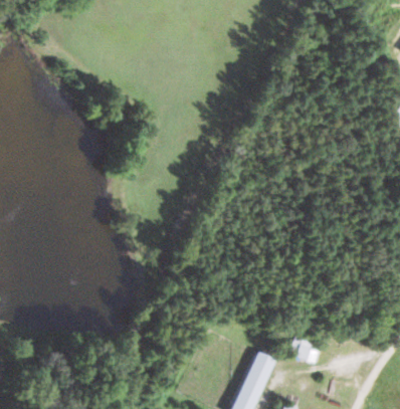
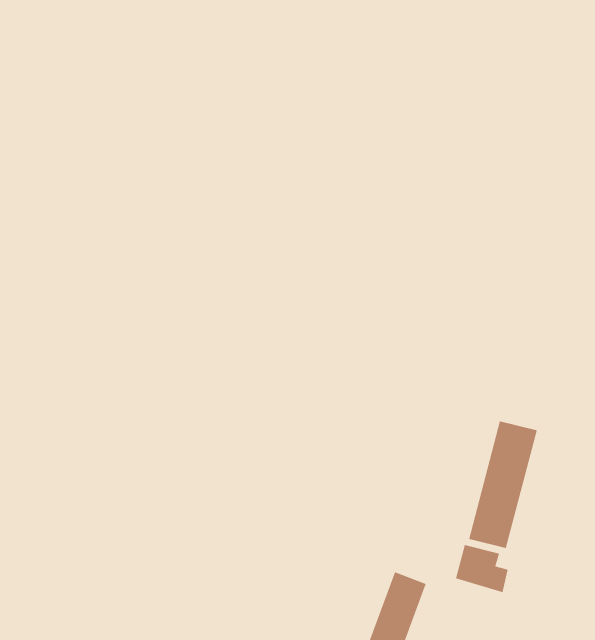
building: none -> [468,421,537,549]

